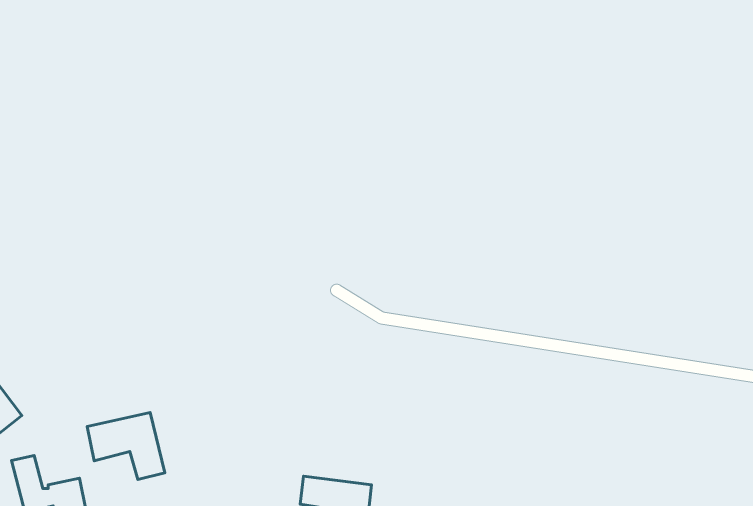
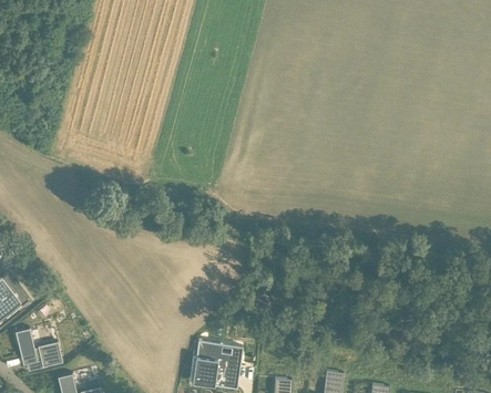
building: [87,412,165,479] -> none

